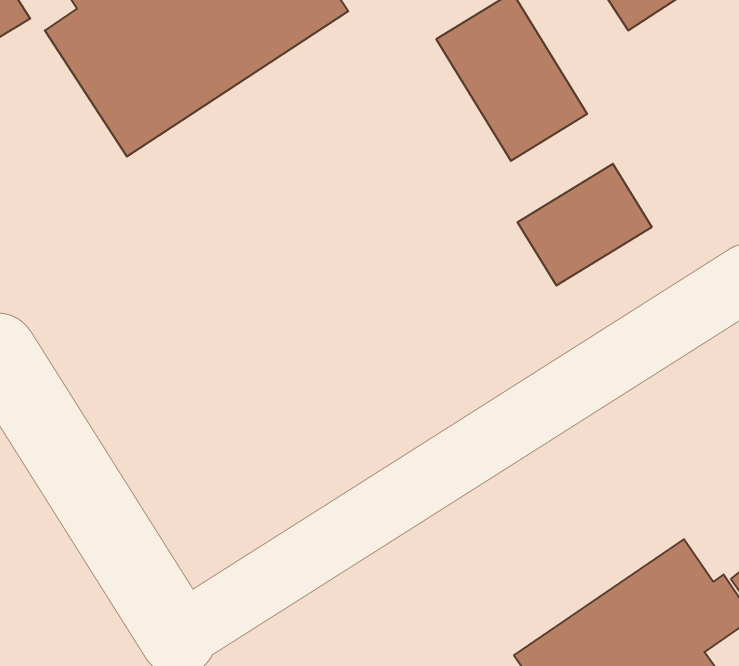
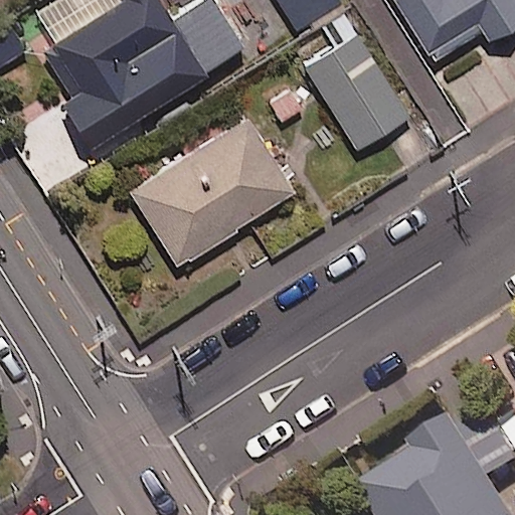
building: none -> [130,115,294,266]
building: [518,164,652,286] -> none

